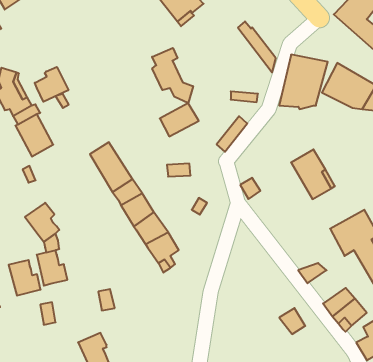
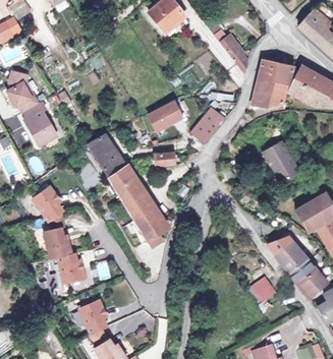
building: [152,48,193,103] -> none
building: [35,67,68,102] -> none
building: [9,260,41,296] -> [56,251,84,282]
building: none -> [276,244,309,273]

